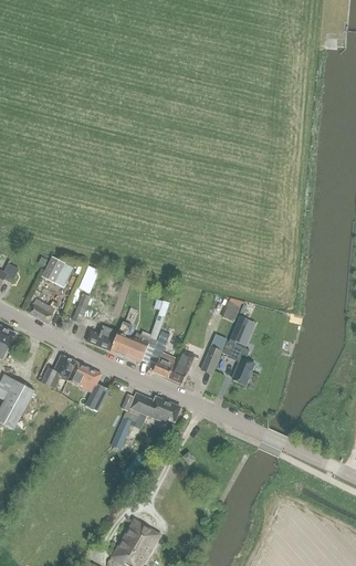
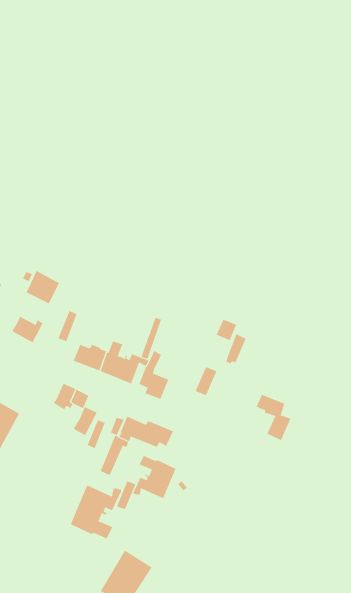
building: [221,340,254,385] -> [256,394,291,441]
building: [168,349,195,384] -> none
building: [41,354,75,389] -> none
building: none -> [133,455,176,499]
building: none -> [70,485,122,539]

